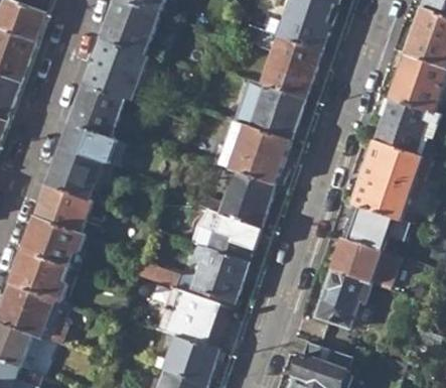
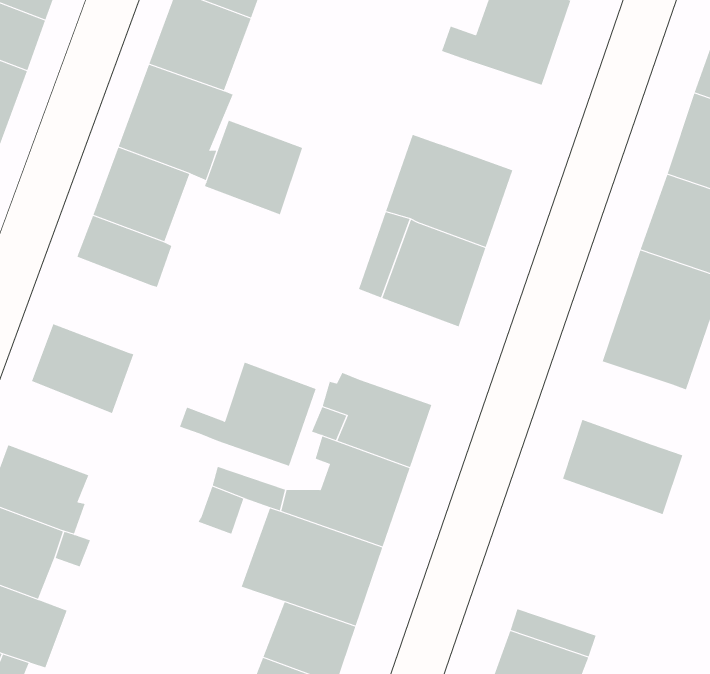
building: [262,35,320,97] -> none
building: none -> [204,120,303,215]
building: [47,145,102,199] -> none
building: [197,169,274,228] -> [179,362,316,466]
building: [342,204,393,250] -> none
building: [22,215,84,267] -> none
building: [315,269,370,328] -> none

